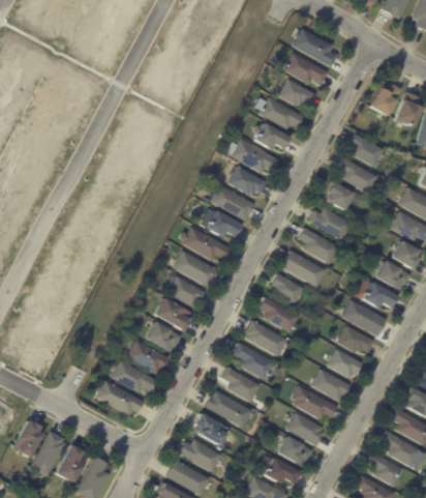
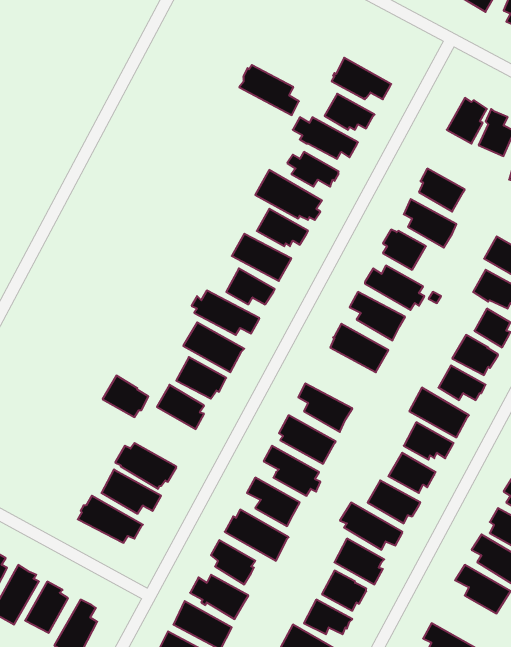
building: [293,30,337,67] -> [239,65,299,115]
building: [272,273,304,304] -> none
building: [145,321,179,352] -> [103,376,148,417]
building: [365,453,400,488] -> none

